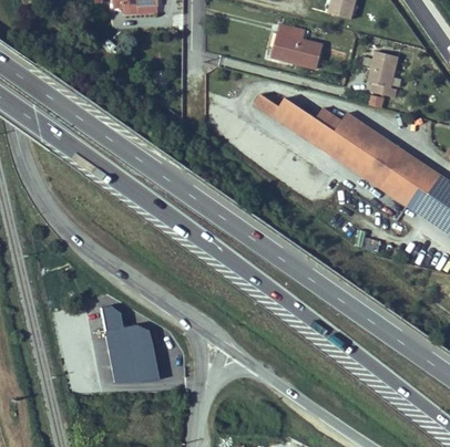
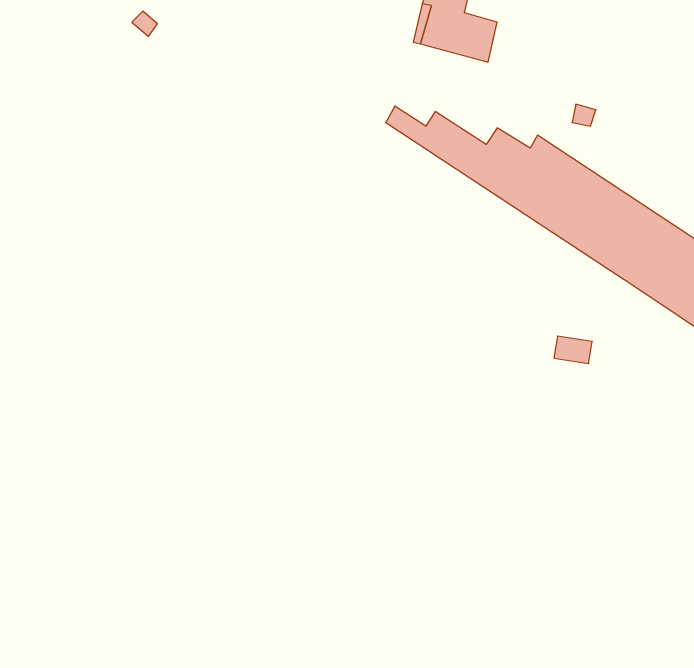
building: [368,51,398,98] -> none
building: [99,305,158,384] -> none

